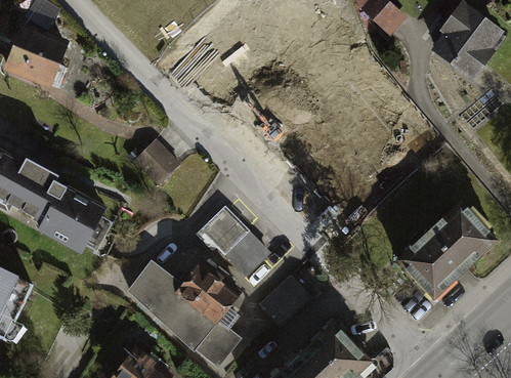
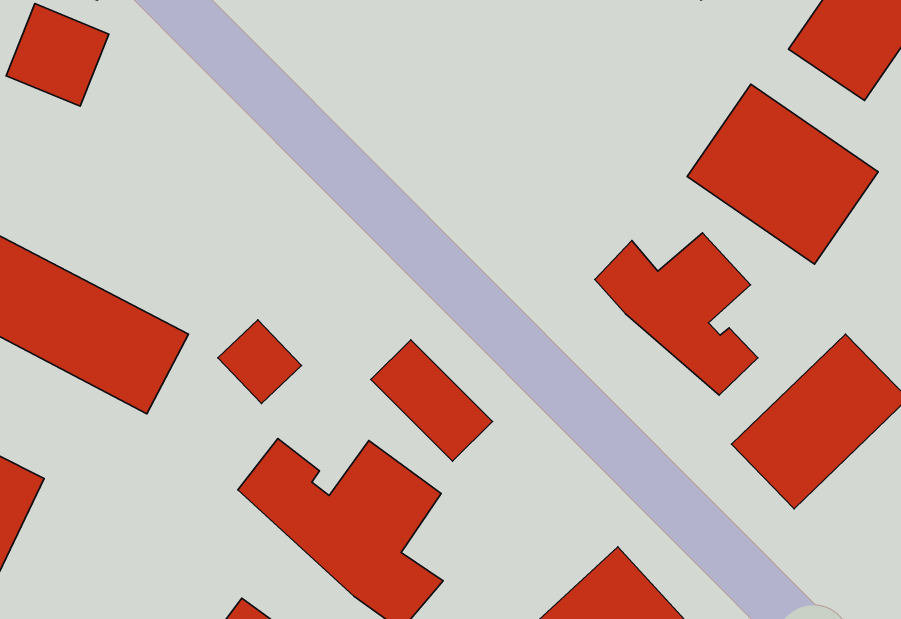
building: none -> [687,84,878,264]
building: [133,140,178,185] -> [218,320,301,404]
building: none -> [595,233,758,395]
building: [258,274,312,327] -> none

